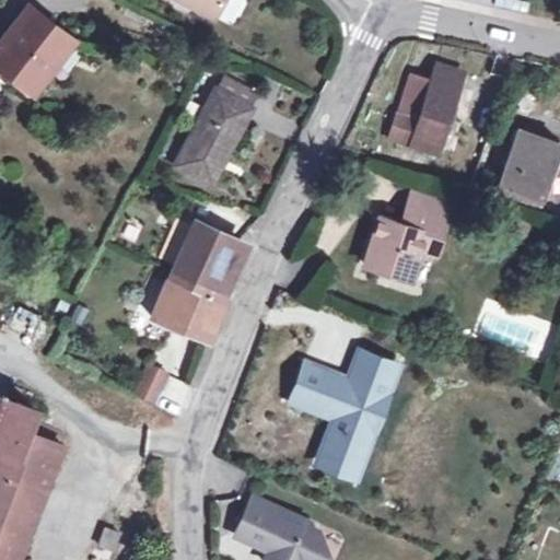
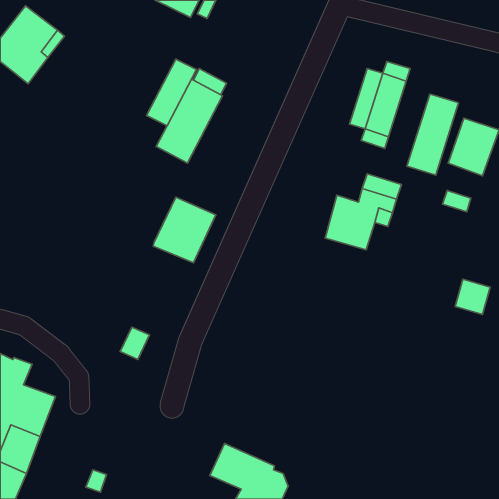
building: none -> [146,59,196,126]
building: none -> [407,94,459,175]
building: [153,276,225,339] -> none
building: [292,353,400,481] -> none

